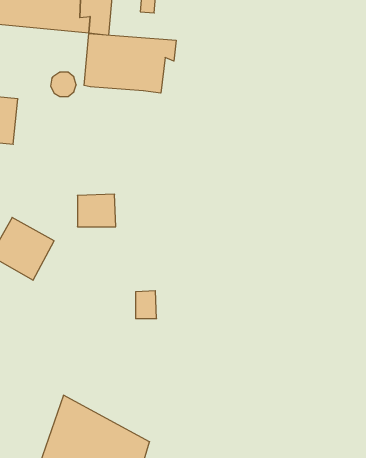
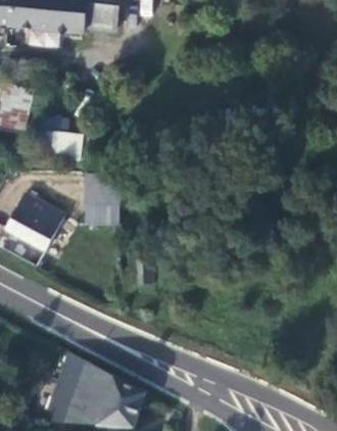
building: [84,33,176,93] -> none
building: none -> [49,131,83,158]

